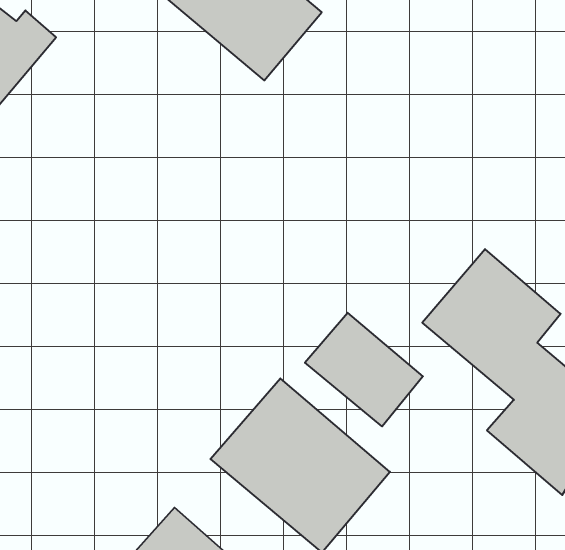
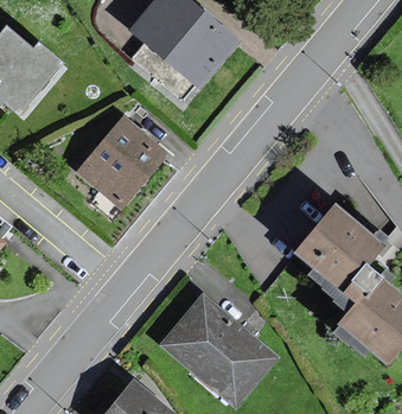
building: none -> [72,120,164,212]
building: [305,313,423,426] -> none

